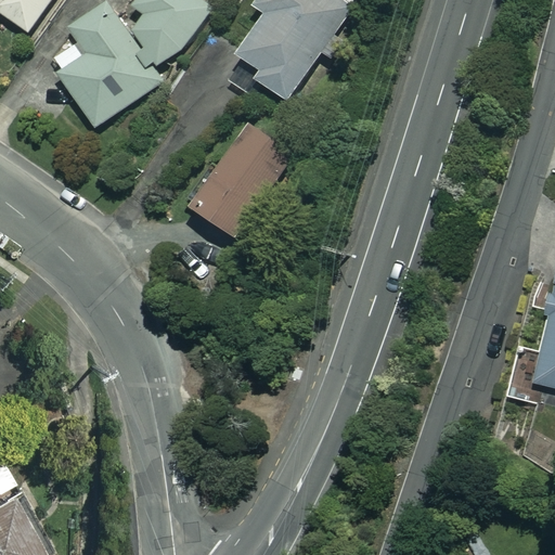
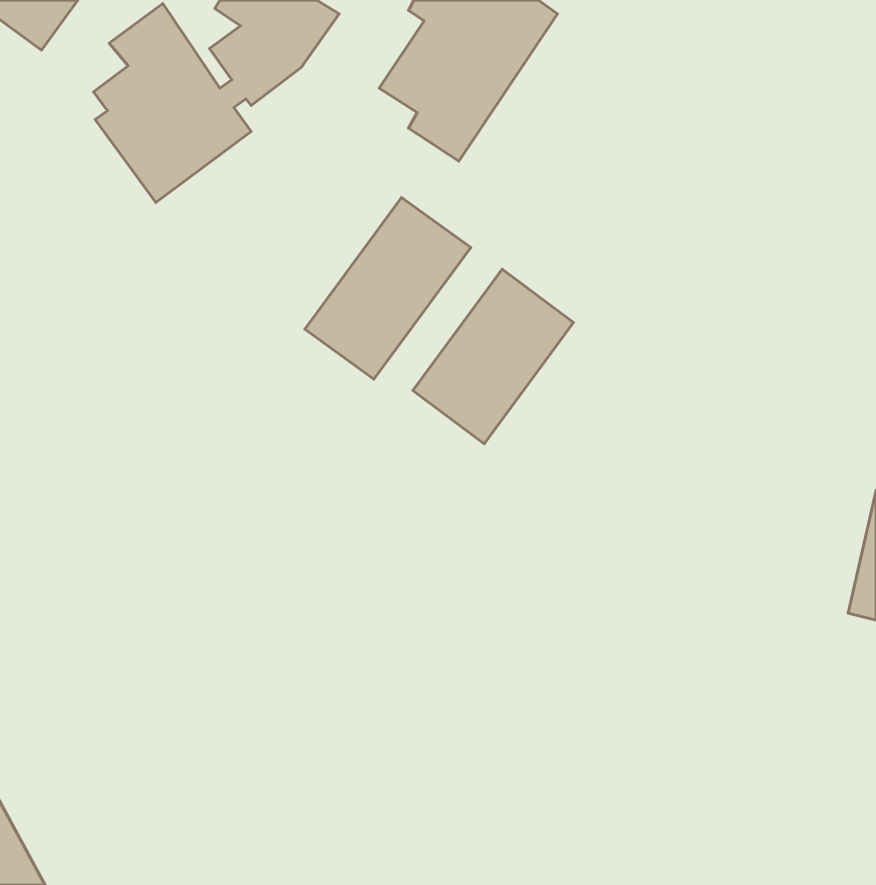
building: none -> [413,269,574,444]

